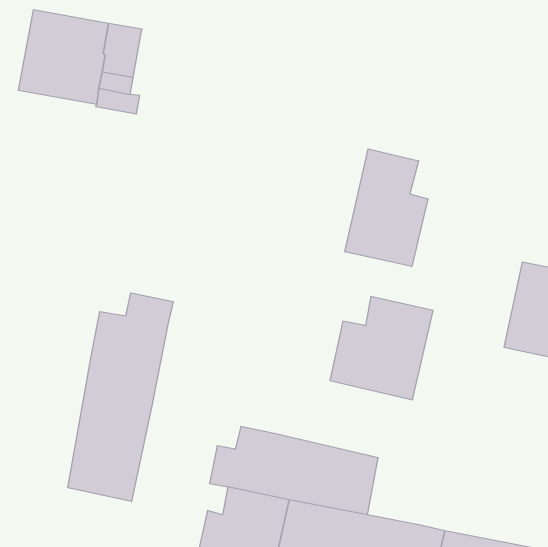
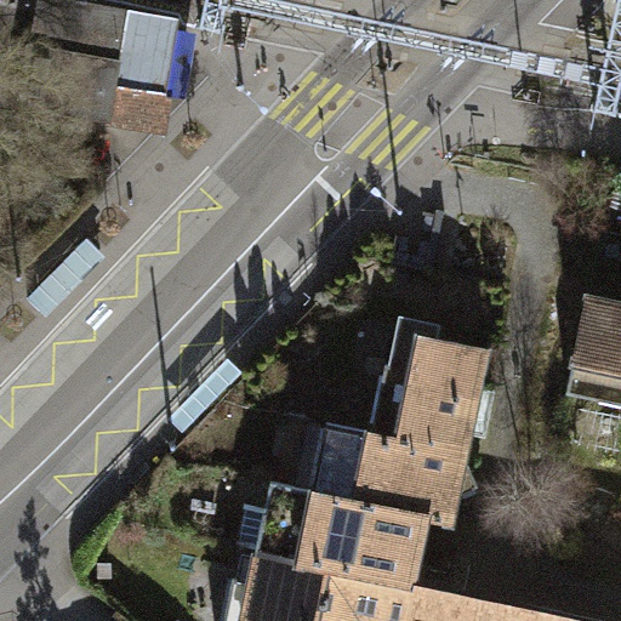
building: [345,149,428,267] -> none
building: [68,293,173,502] -> none
building: none -> [314,422,480,525]

